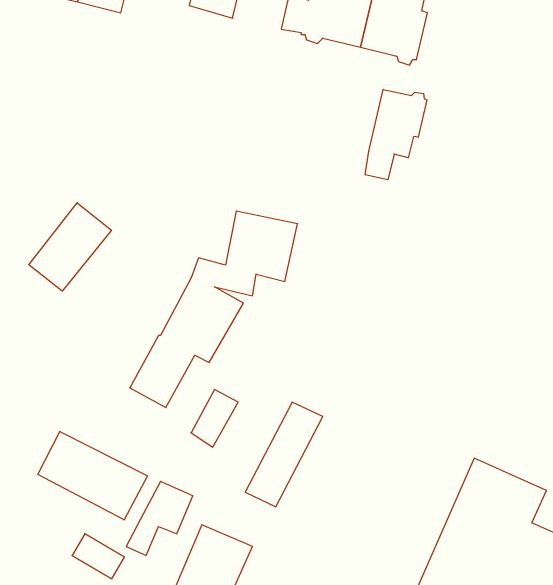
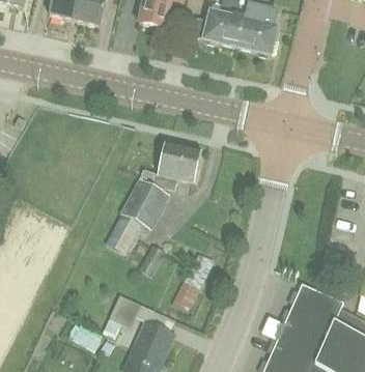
building: [365,89,427,180] -> none
building: [29,203,111,291] -> none
building: [38,431,147,520] -> none

